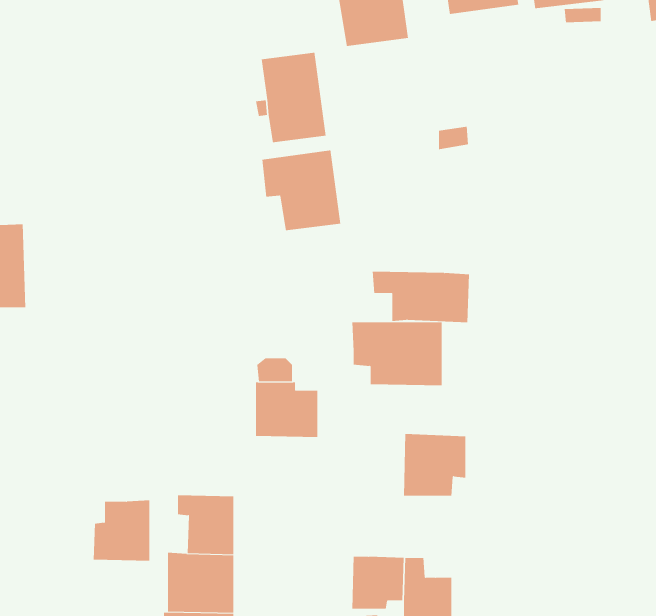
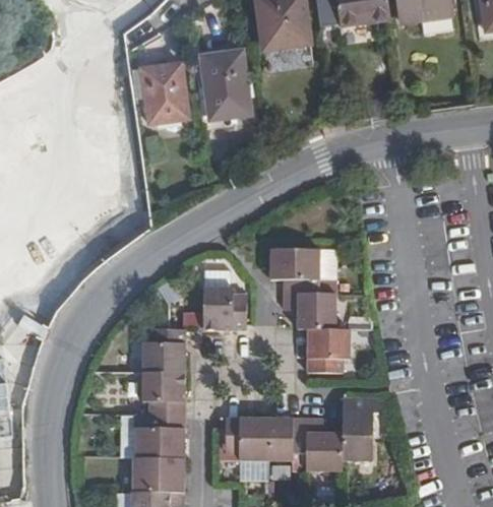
building: [261,150,341,231] -> [132,65,190,124]
building: [372,271,470,323] -> [282,296,353,333]
building: [93,500,150,561] -> [141,332,183,377]
building: none -> [342,395,378,459]
building: none -> [224,421,269,459]

